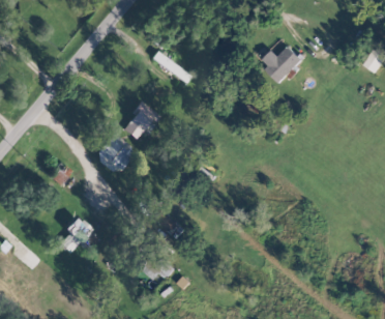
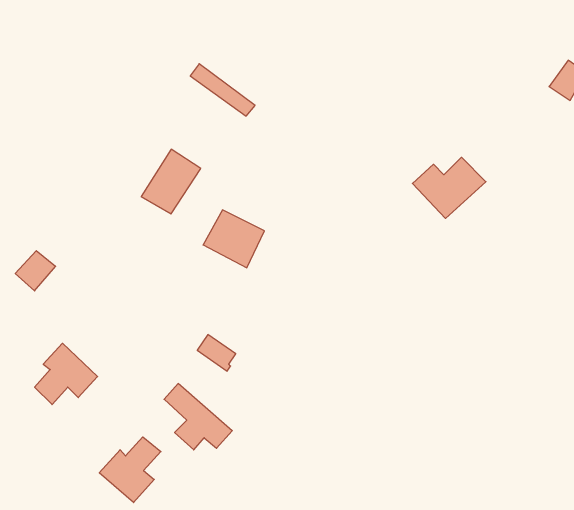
building: [260,48,303,84] -> [412,157,486,218]
building: [97,136,134,170] -> [203,210,264,268]
building: none -> [99,437,161,503]

